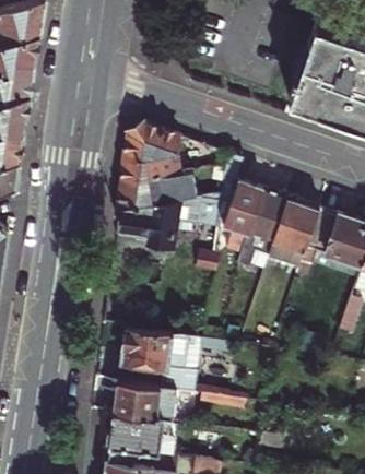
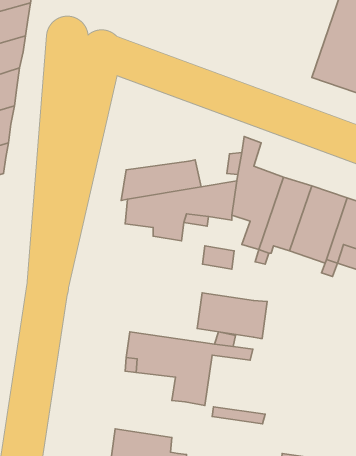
building: [123,123,179,182] -> none
building: [114,381,176,422] -> [197,293,267,338]

